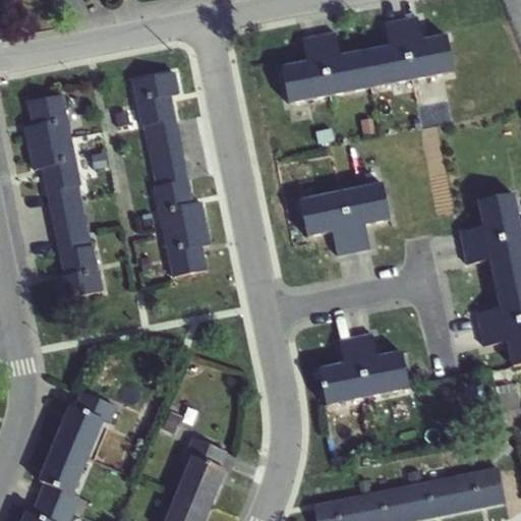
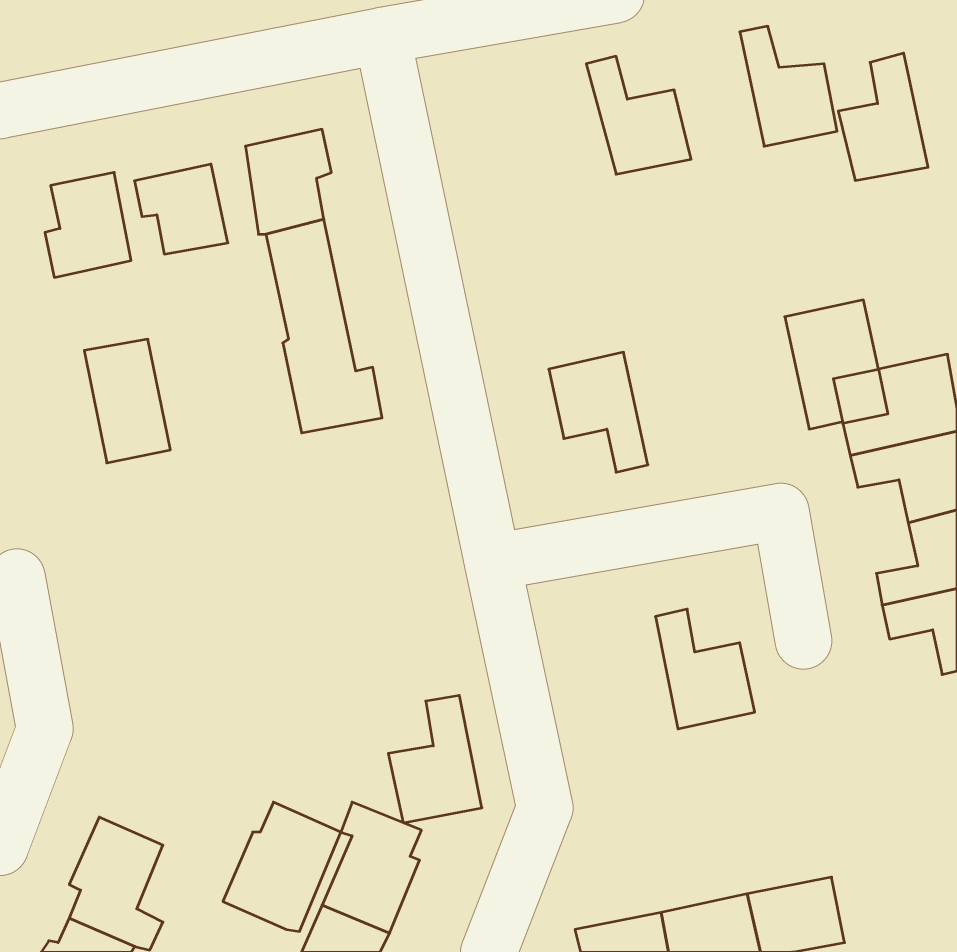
building: [366,17,415,86] -> [838,53,928,180]
building: [281,35,335,103] -> none
building: [30,141,80,190] -> [134,164,228,254]
building: [339,182,390,252] -> [785,300,878,429]
building: [164,227,211,278] -> none
building: [56,243,104,299] -> none
building: [317,335,368,404] -> [388,695,482,823]
building: [54,390,118,460] -> [223,802,341,931]
building: [452,467,505,512] -> none

